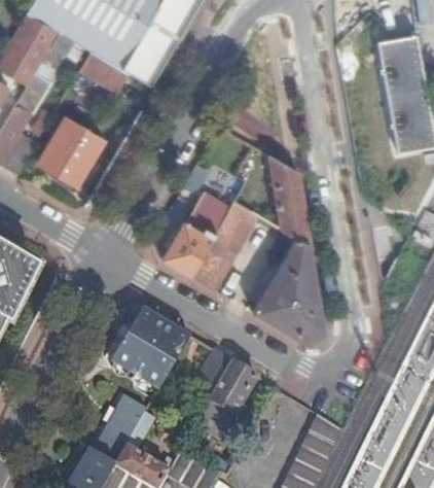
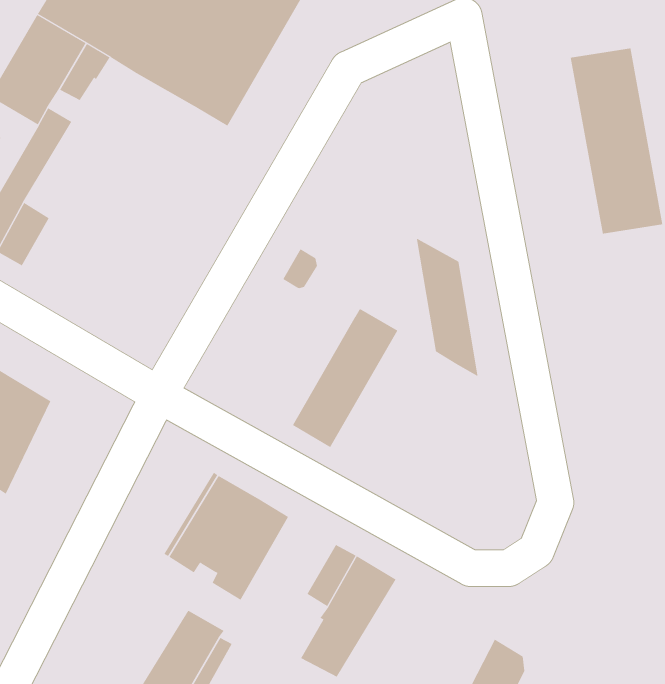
building: [80,50,130,91] -> none
building: [39,116,105,184] -> none
building: [161,190,231,276] -> none
building: [253,237,326,346] -> none

